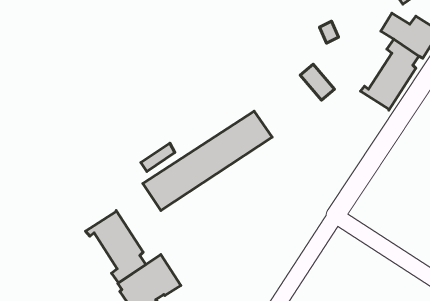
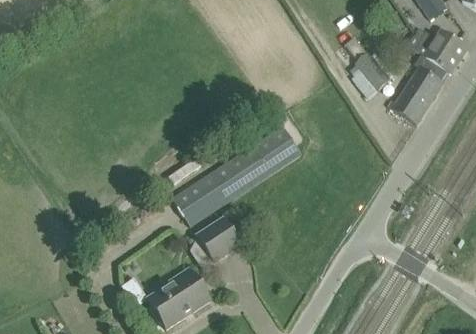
building: [300,64,334,100] -> [356,52,390,88]
building: none -> [195,216,240,260]
building: [86,211,146,283] -> none

